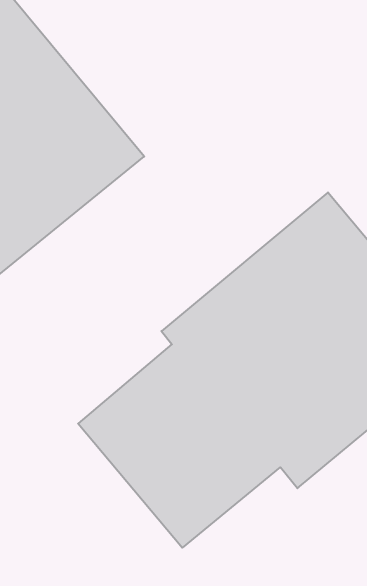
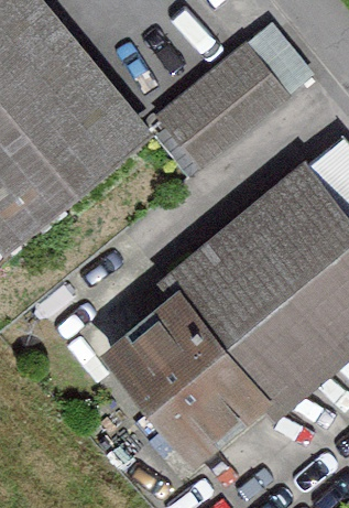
building: none -> [163,52,284,166]

